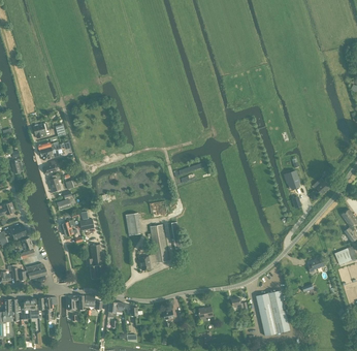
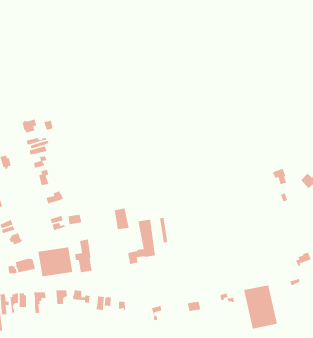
building: none -> [37,246,73,277]

